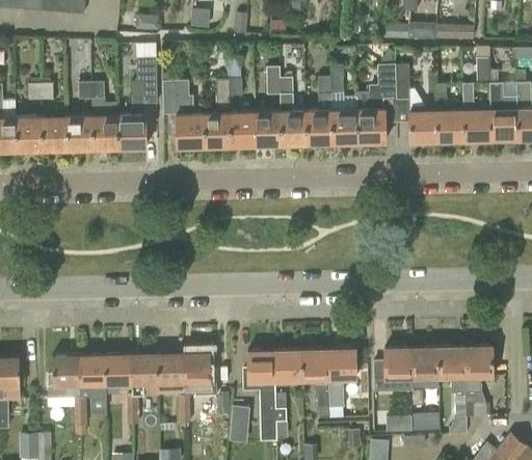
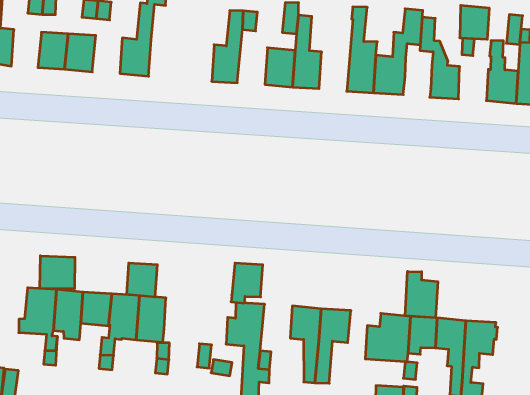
building: [305,77,332,144] -> none
building: [163,80,206,147] -> none
building: [230,111,256,146] -> none
building: [435,111,463,141] -> [460,5,489,39]
building: [94,115,119,150] -> none
building: [17,117,43,152] -> none
building: none -> [405,271,438,318]
building: none -> [40,256,75,289]
building: [275,349,302,386] -> [231,263,263,303]
building: [183,352,211,382] -> [127,263,157,297]

